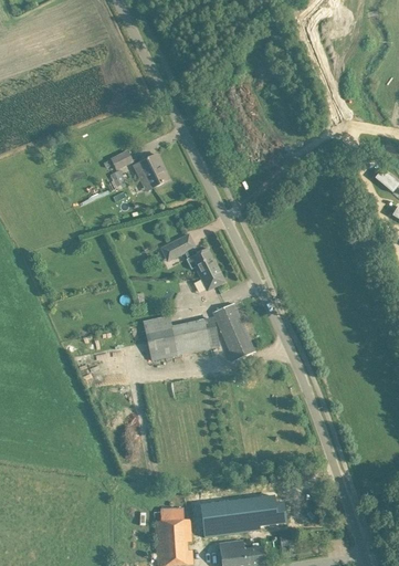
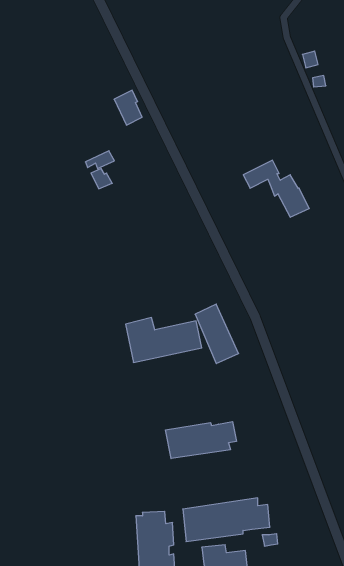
building: [139,153,167,187] -> [114,90,142,125]
building: [160,233,225,290] -> [243,160,309,217]
building: none -> [166,422,236,459]

